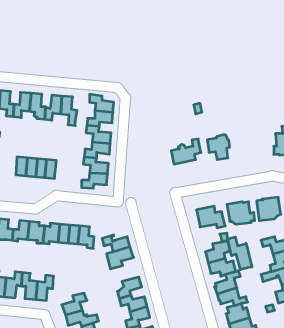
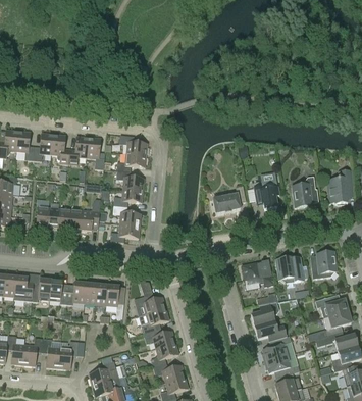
building: none -> [292,176,318,206]
building: none -> [80,198,100,231]
building: [228,237,252,270] -> none
building: none -> [143,329,175,347]

